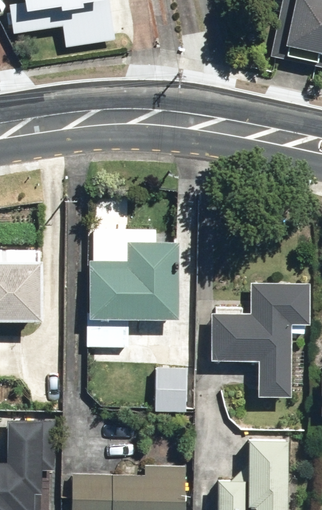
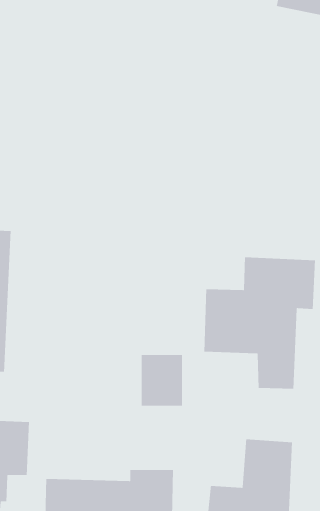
building: [90,241,180,349] -> none

